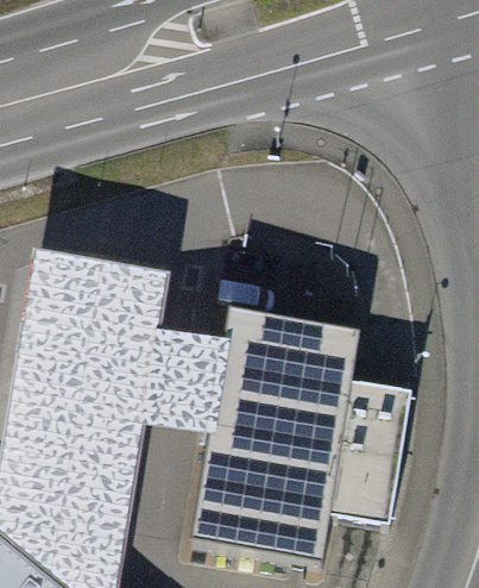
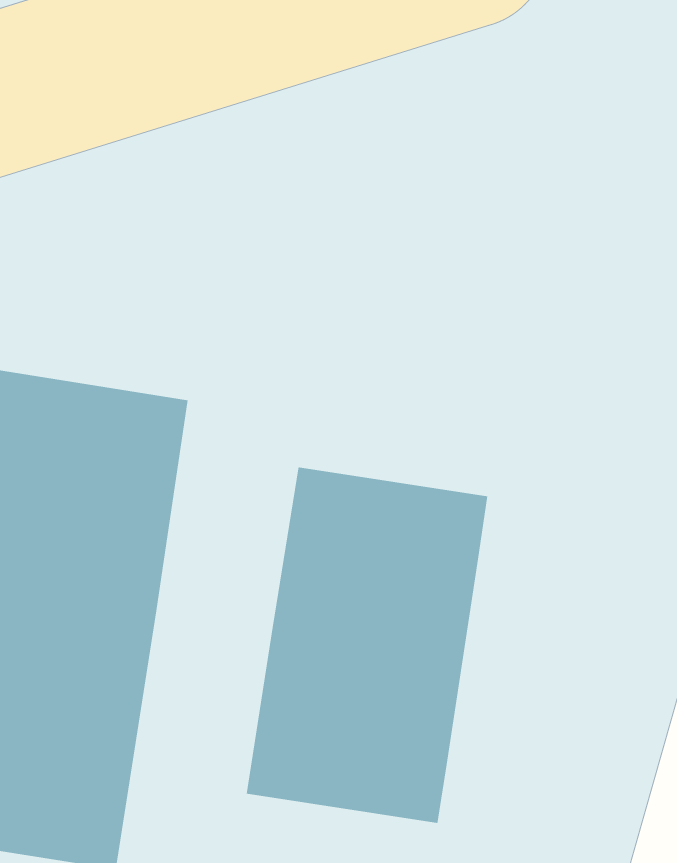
building: [143,333,229,425] -> none
building: [329,381,411,523] -> none

